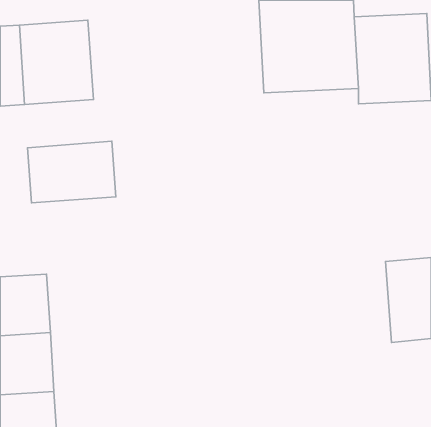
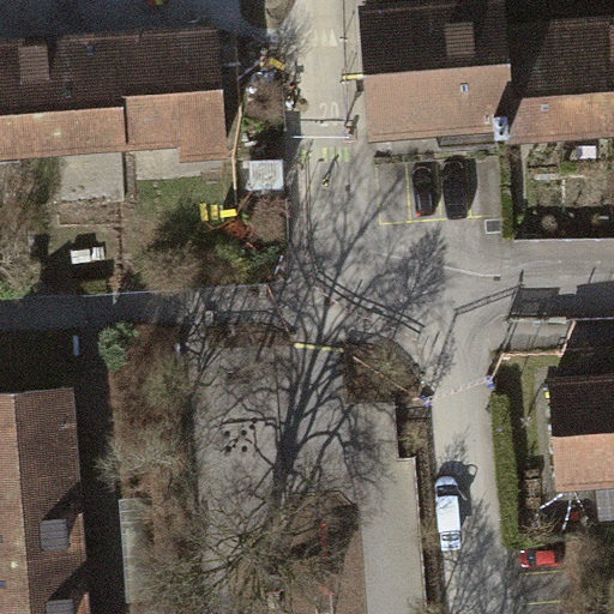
building: none -> [125,29,231,162]
building: [27,141,116,203] -> none

